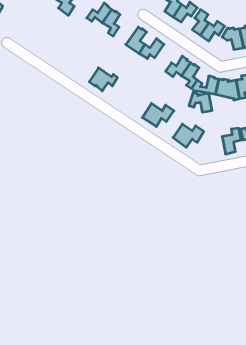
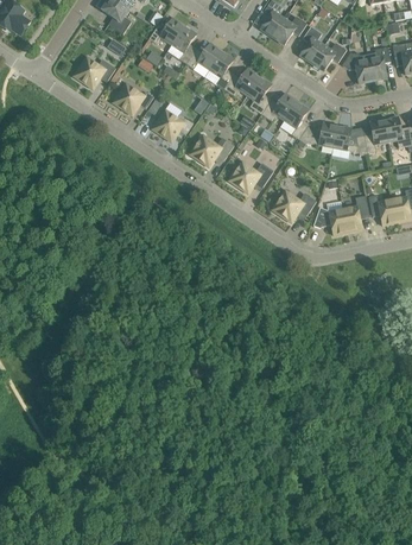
building: none -> [186,42,222,75]
building: none -> [72,55,115,88]
building: none -> [246,75,272,113]
building: none -> [113,82,153,114]
building: none -> [189,133,234,166]
building: [189,92,212,112] -> [313,205,347,234]

